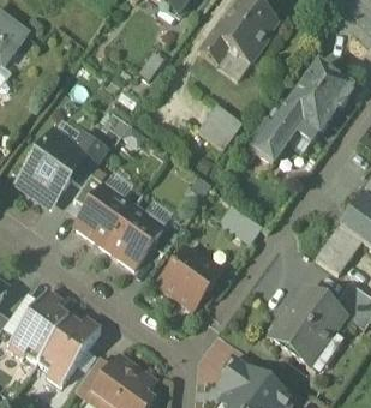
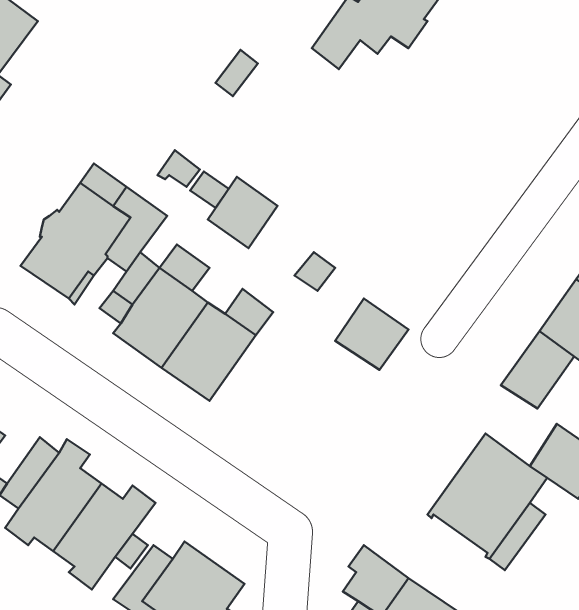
building: [215,40,258,76] -> none
building: [256,62,351,162] -> none
building: [198,100,241,144] -> [208,177,277,248]
building: [160,248,220,308] -> none

